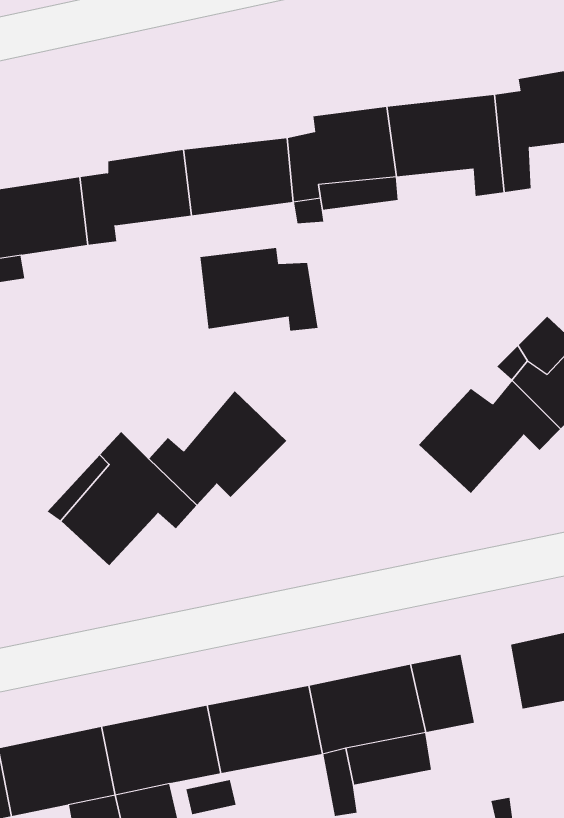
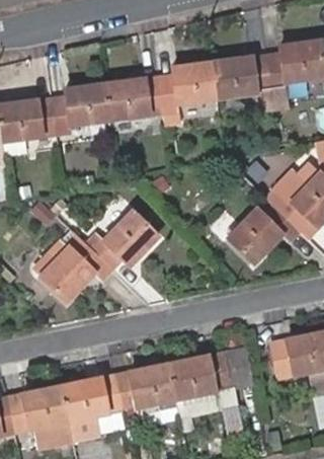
building: [200,247,318,331] -> none

